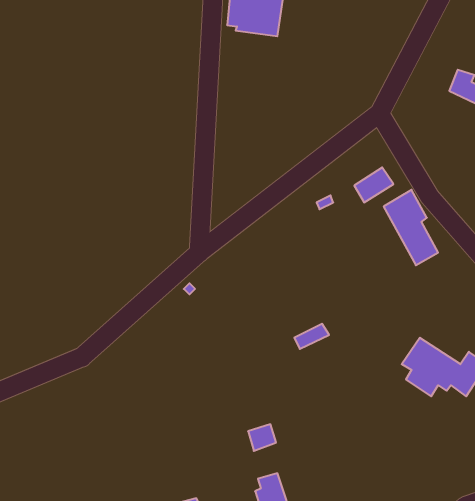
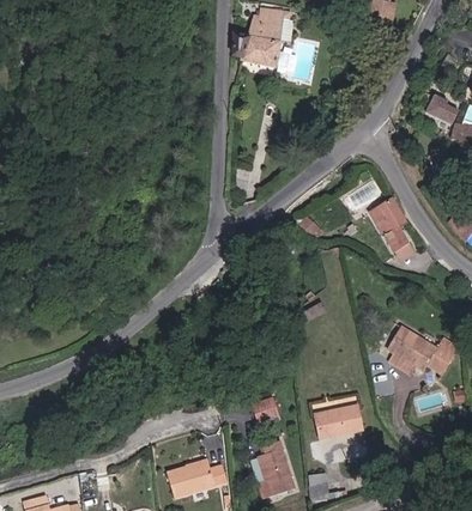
building: none -> [315,403,363,436]

